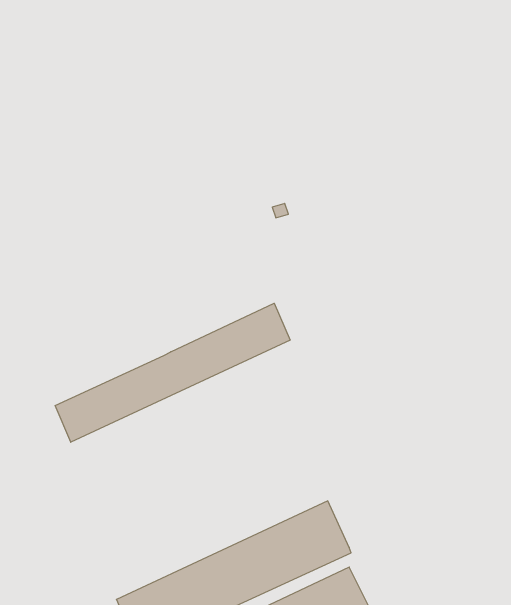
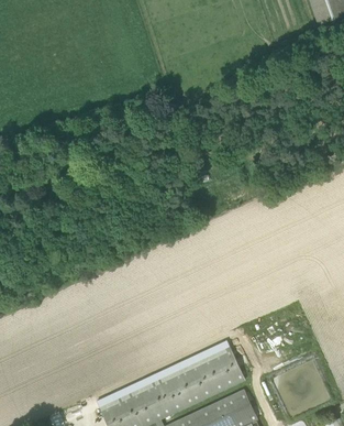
building: [55,303,290,442] -> none

